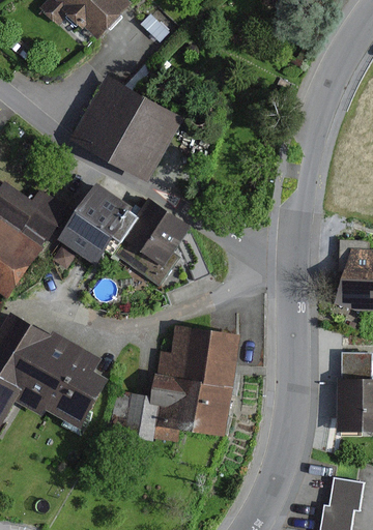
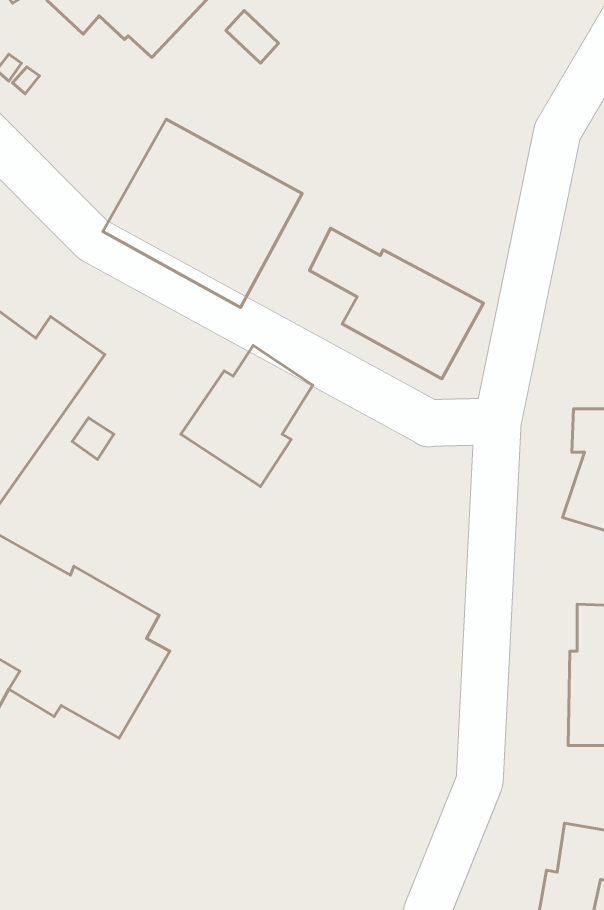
building: none -> [309,228,483,379]
building: [59,182,140,264] -> none
building: [108,325,240,441] -> none

